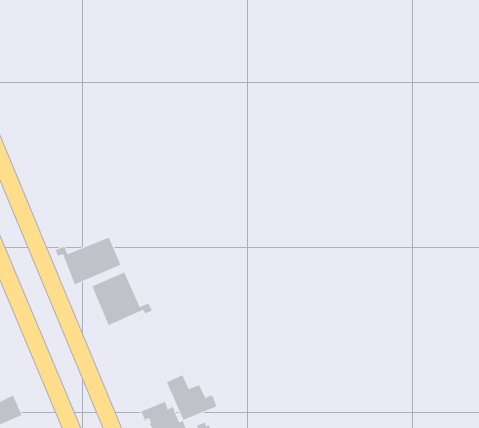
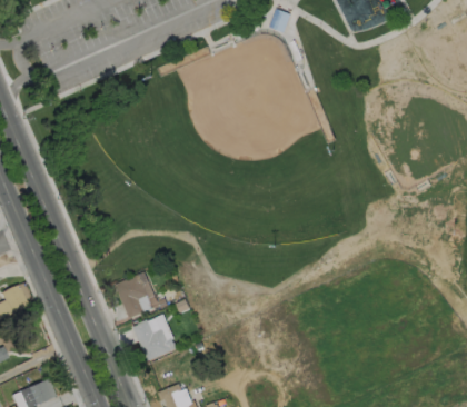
building: [55,237,121,285] -> none
building: [166,374,217,420] -> [132,319,177,359]

